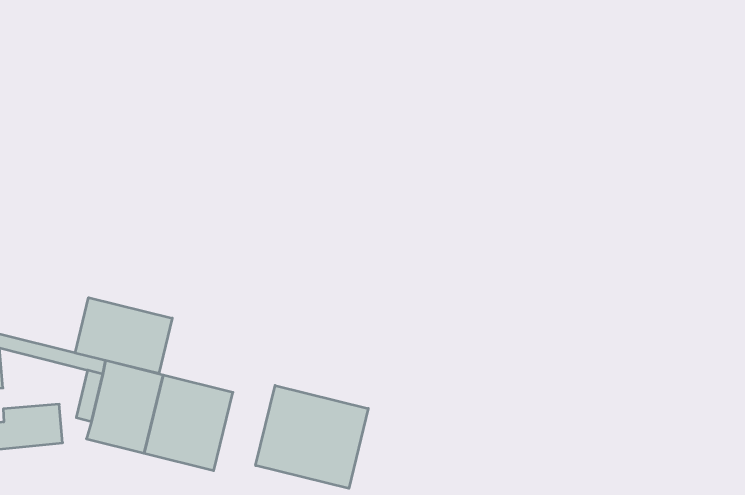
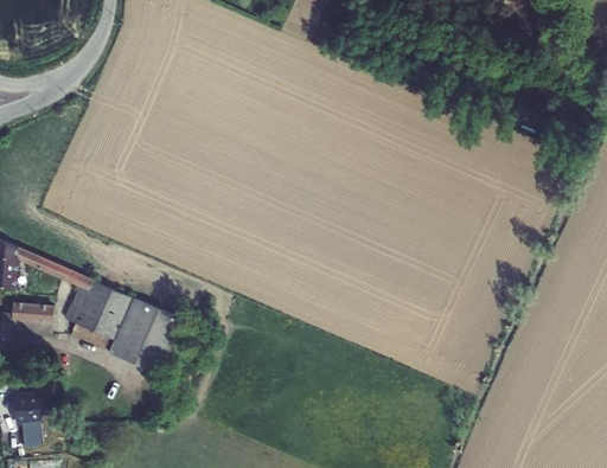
building: [75,298,172,374] -> none
building: [256,385,368,488] -> none

